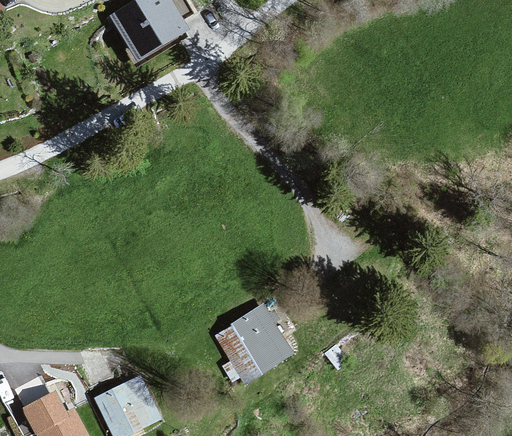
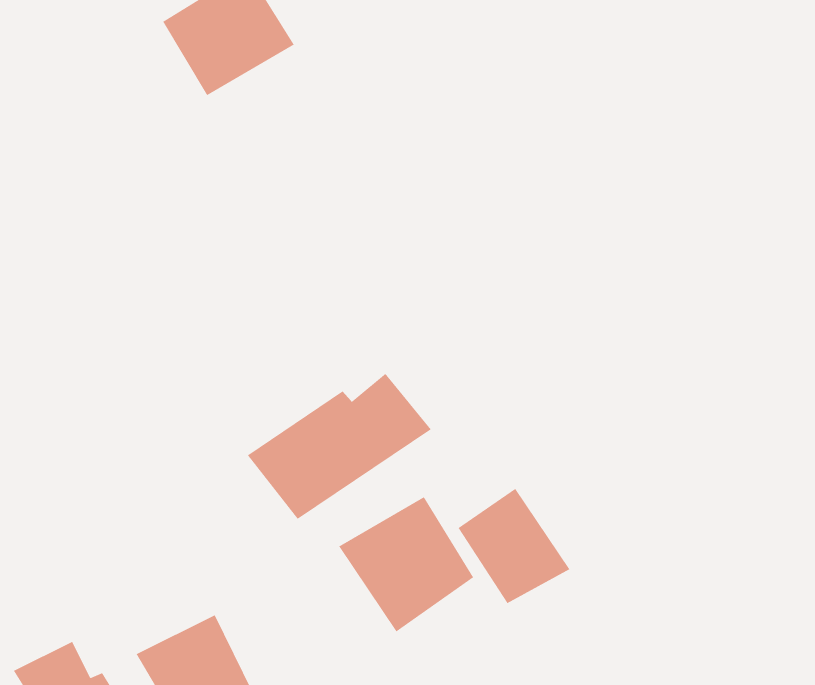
building: none -> [247,373,432,520]
building: none -> [457,488,570,604]

